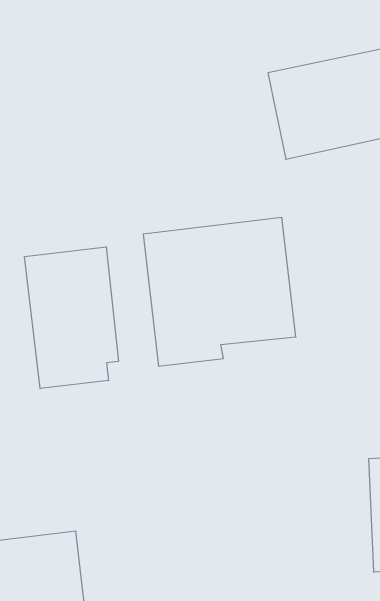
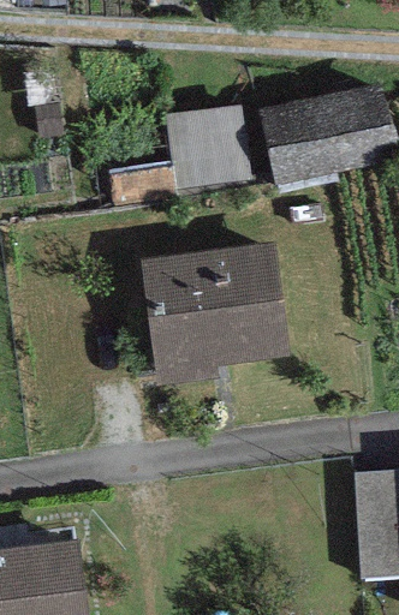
building: none -> [167,107,251,190]
building: [25,247,119,389] -> none

